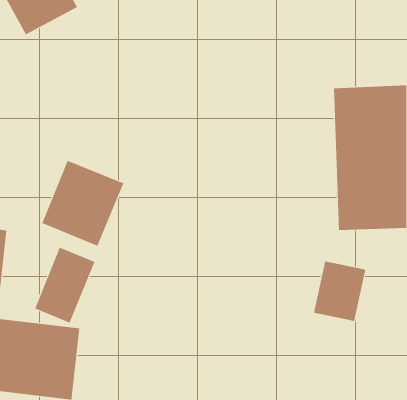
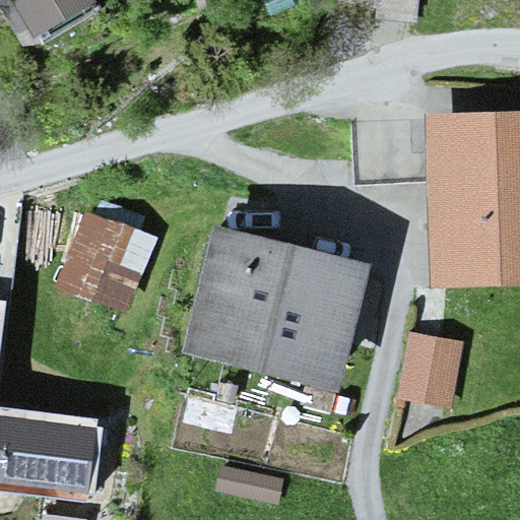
building: none -> [184,228,374,391]
building: [34,247,95,323] -> none

